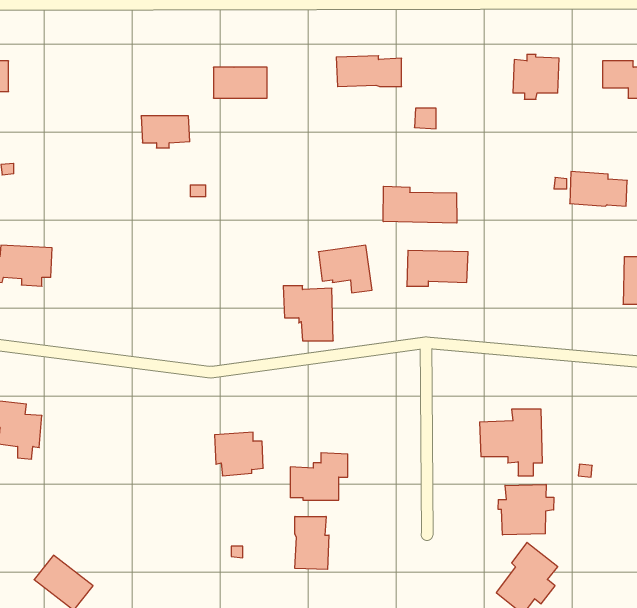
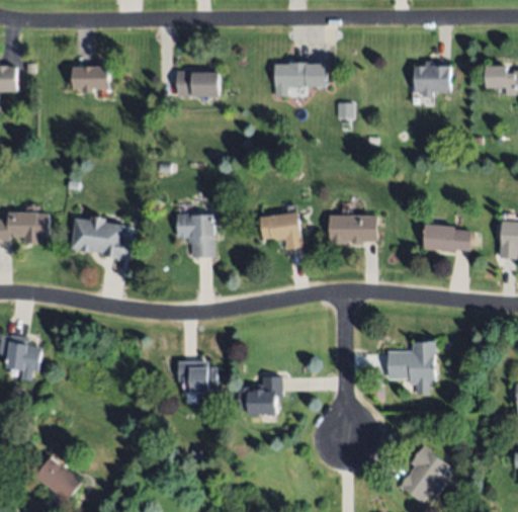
building: [141,116,190,148] -> [72,67,110,92]
building: [570,172,627,206] -> [425,223,470,250]
building: [383,186,457,223] -> none
building: none -> [72,216,132,259]
building: [283,286,333,341] -> [177,214,217,257]
building: [498,484,554,535] -> none
building: [295,516,329,569] -> none

